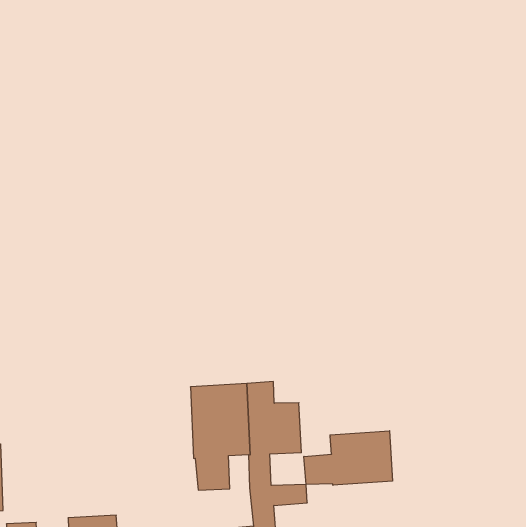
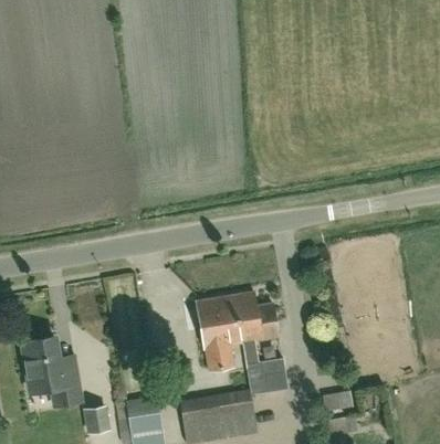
building: [304,431,392,485] -> none

